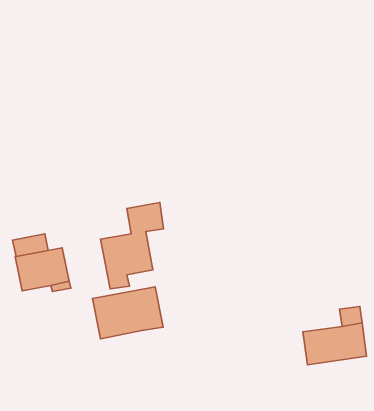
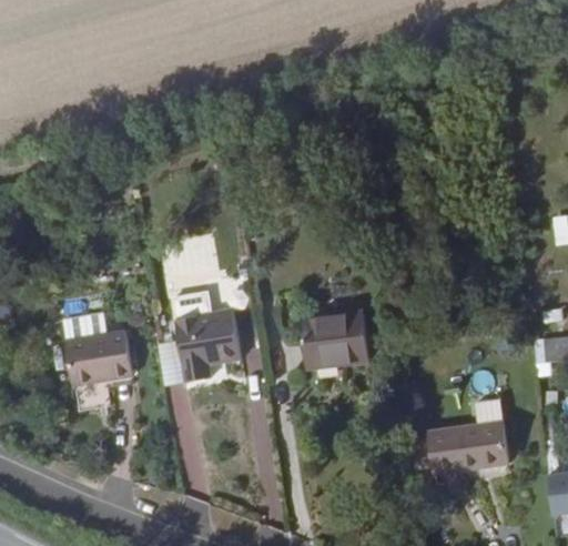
building: none -> [300,313,368,365]
building: [93,287,163,339] -> none

